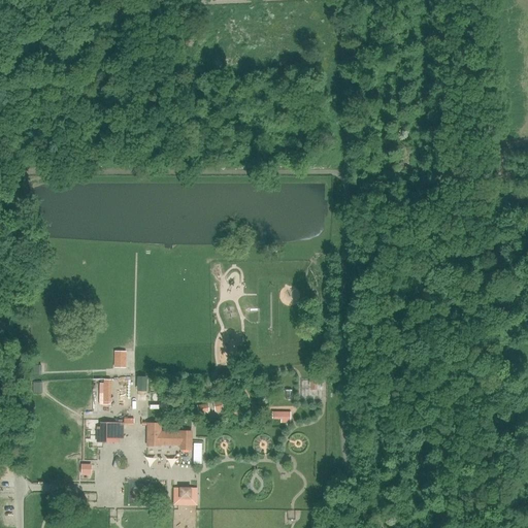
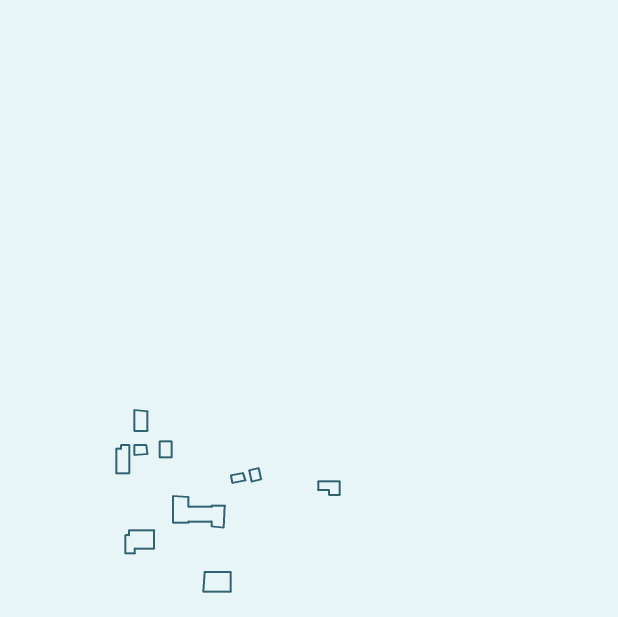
building: [98,422,123,441] -> [125,530,154,553]

